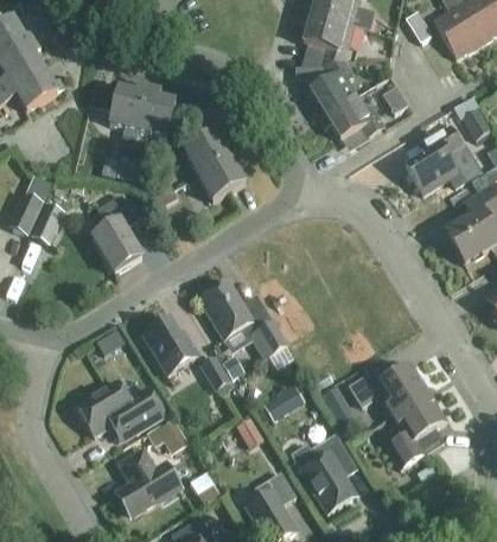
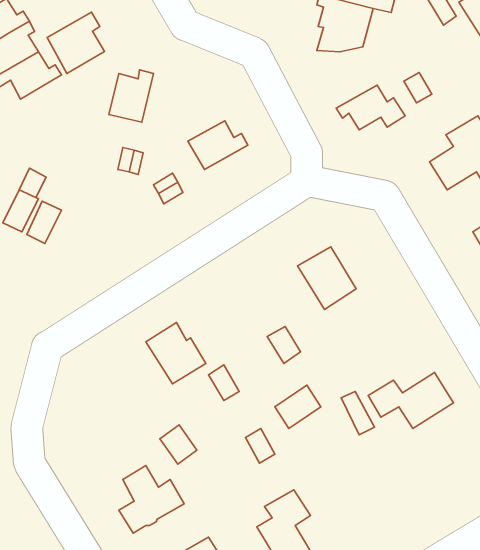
building: none -> [47,12,104,73]
building: [311,62,358,119] -> none
building: [140,87,177,139] -> none
building: [198,153,246,202] -> none
building: [93,193,142,273] -> none
building: [199,282,254,340] -> [298,247,356,309]
building: [77,381,165,436] -> none
building: [387,393,447,468] -> none
building: [292,434,357,514] -> none

